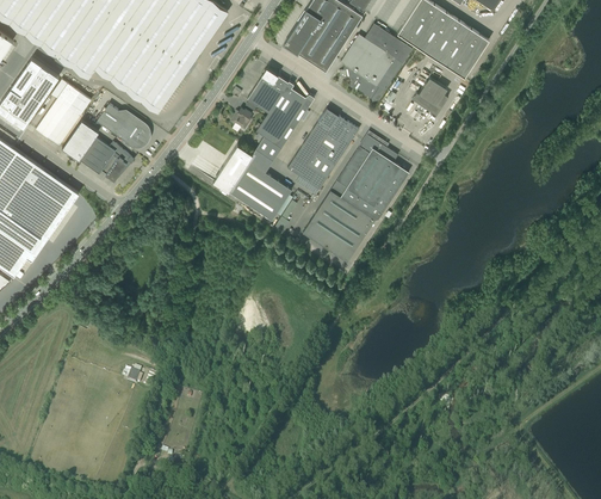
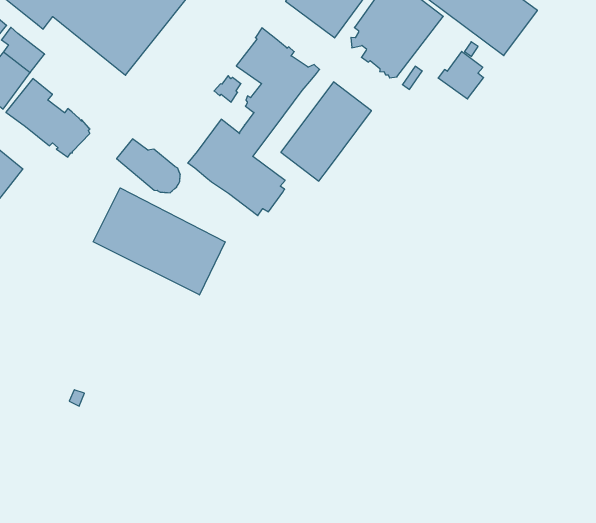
building: [95,104,148,146] -> [117,139,180,193]
building: [302,134,404,261] -> none
building: none -> [93,188,225,295]

